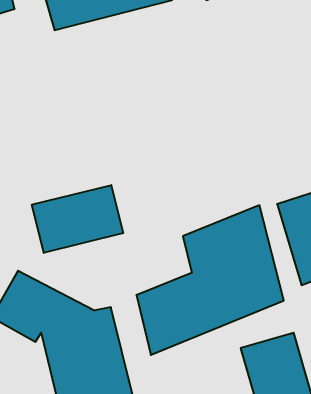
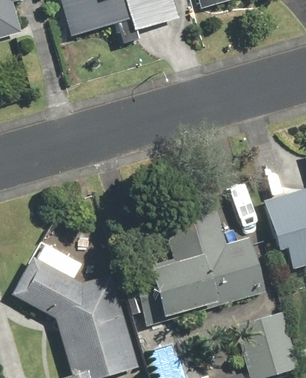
building: [32,185,123,253] -> none

